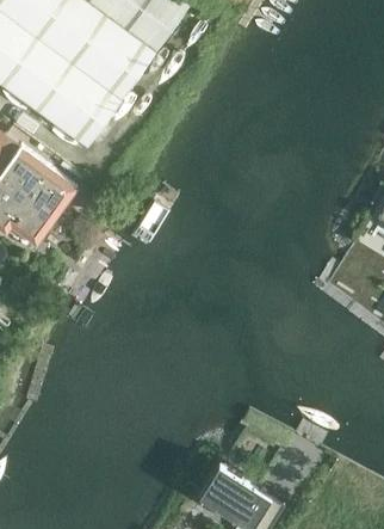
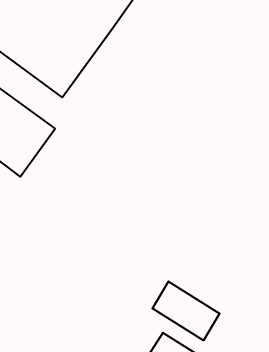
building: none -> [152,281,220,340]

